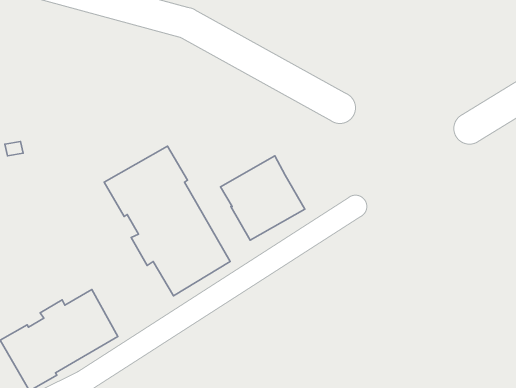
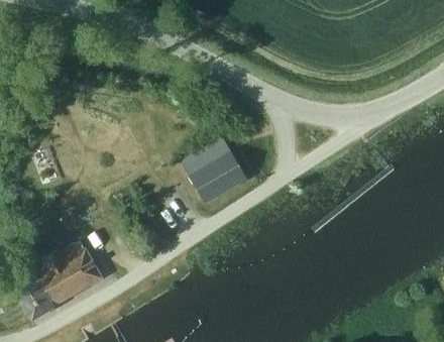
building: [104,146,230,296] -> none

